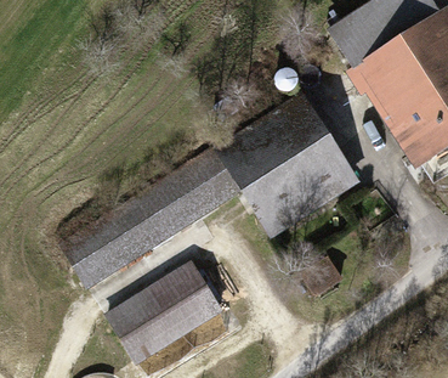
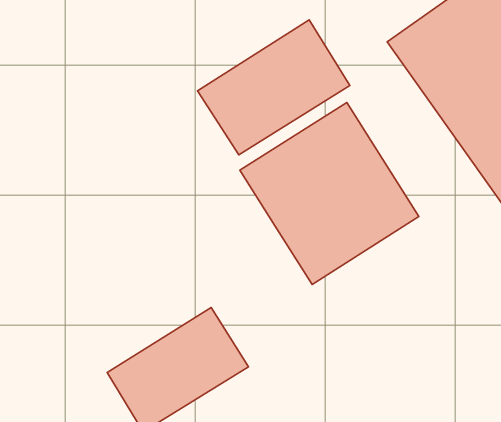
building: none -> [198,20,350,155]
building: [56,146,242,292] -> none

